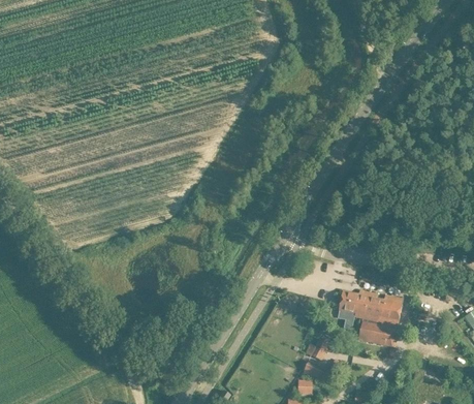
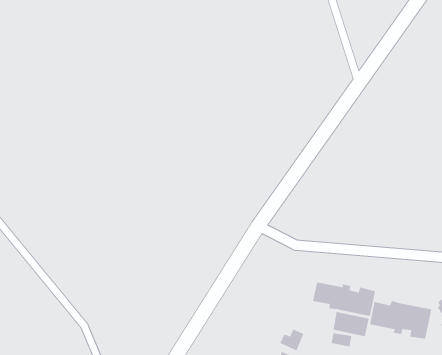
building: none -> [370,300,432,339]

